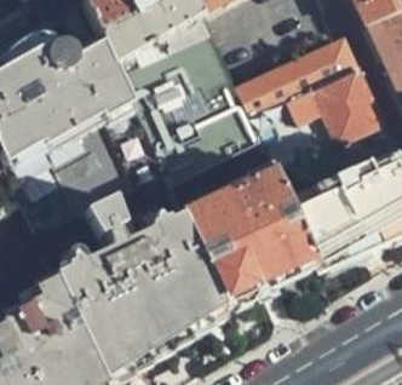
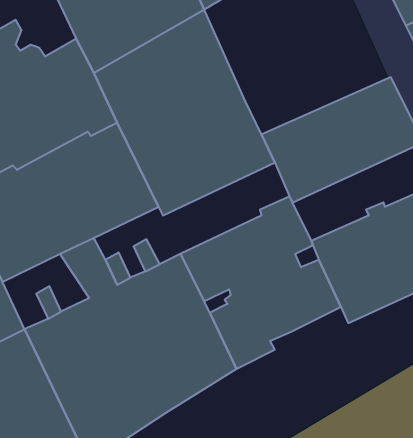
building: [235,35,355,111] -> none

